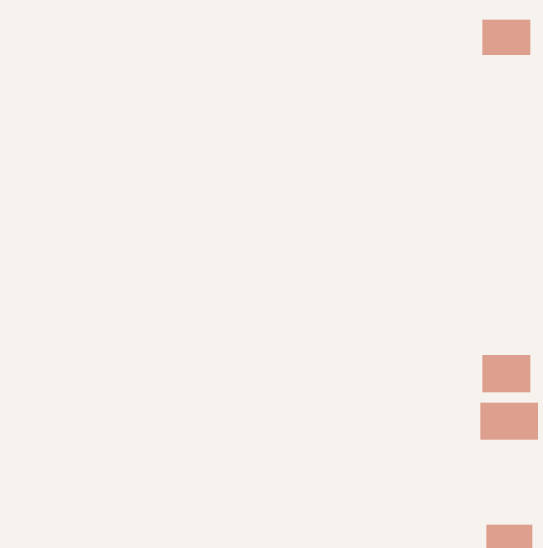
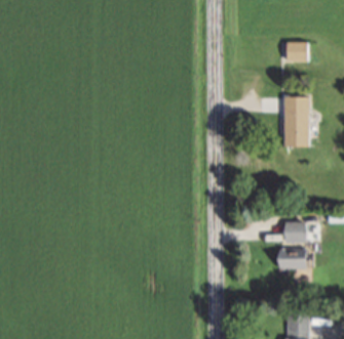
building: none -> [283,96,310,146]

